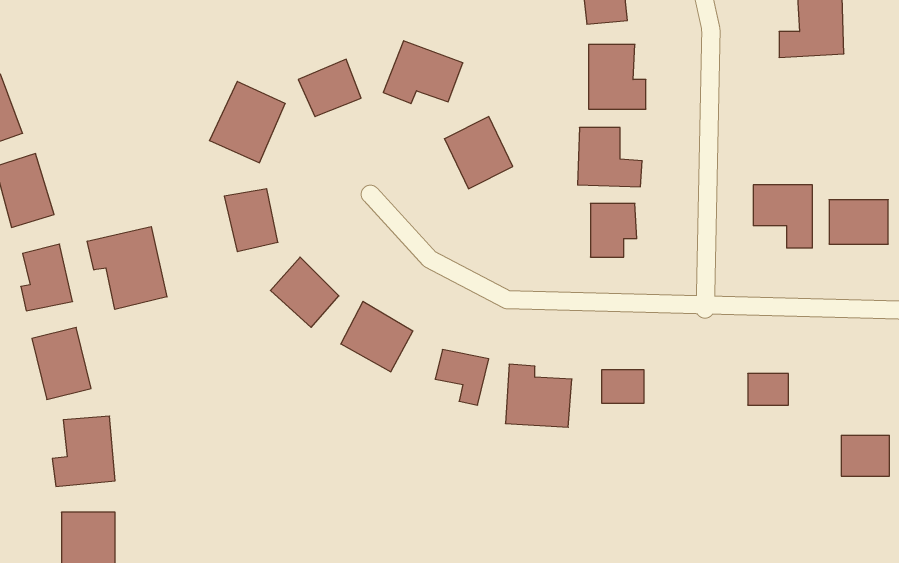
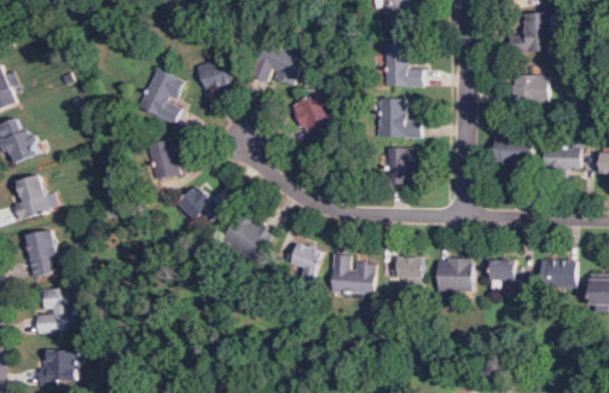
building: none -> [512,74,547,103]
building: [87,227,167,309] -> none
building: none -> [436,259,471,290]
building: [841,435,889,476] -> [544,259,575,285]

